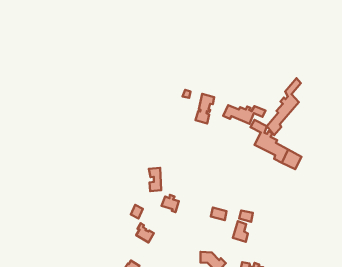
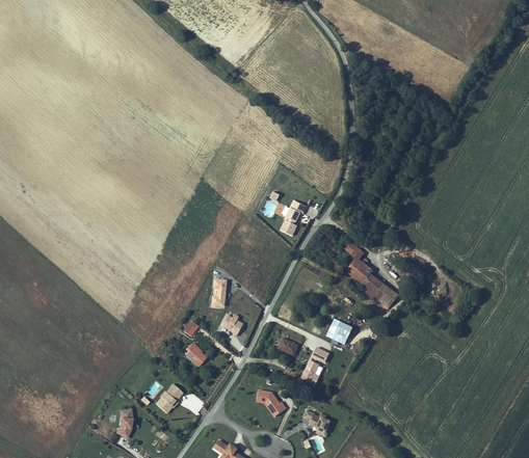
building: [267,78,301,135] -> none
building: [223,105,265,124] -> none
building: none -> [326,318,352,344]

